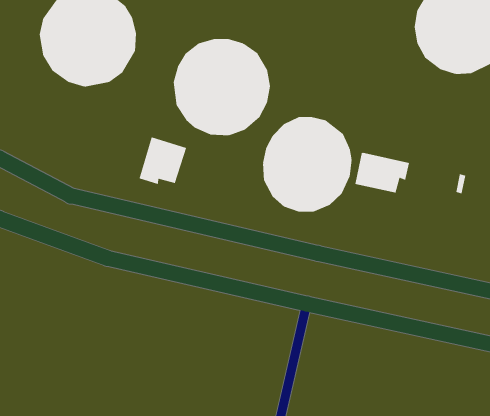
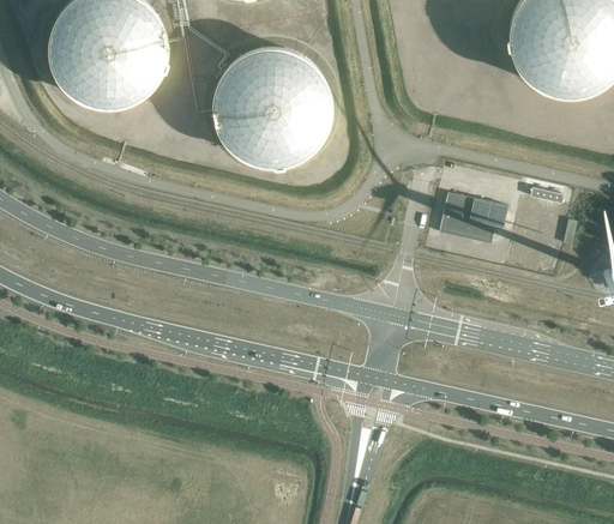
building: [263,116,352,212] -> none
building: [139,136,187,185] -> none

